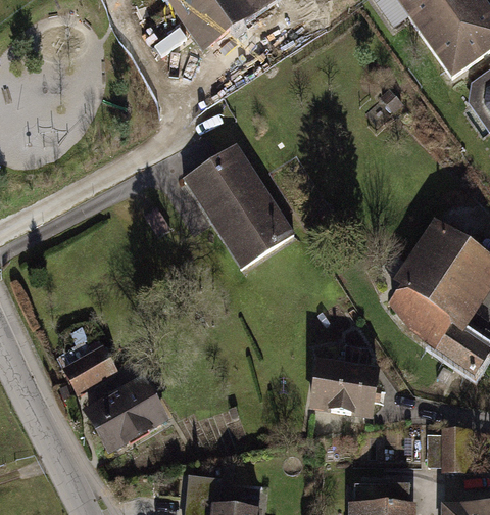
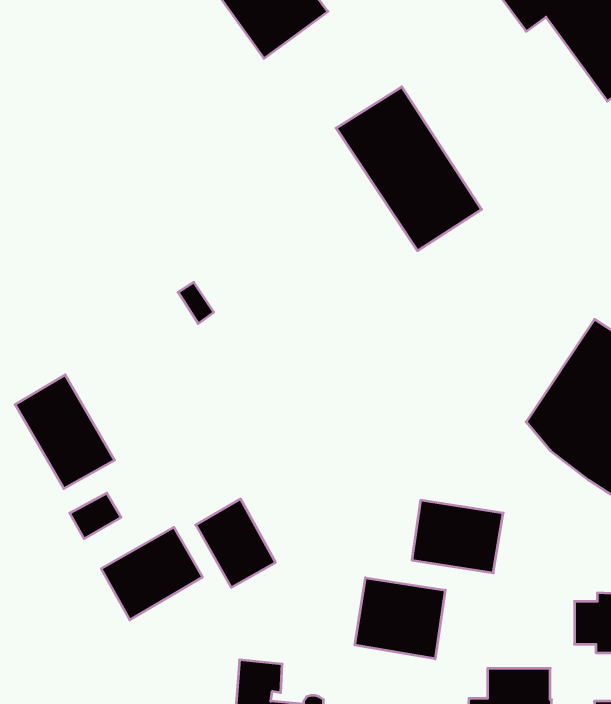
building: [187,145,291,263] -> [336,87,482,251]
building: none -> [15,375,115,489]
building: none -> [196,499,275,587]
building: none -> [355,578,445,659]

